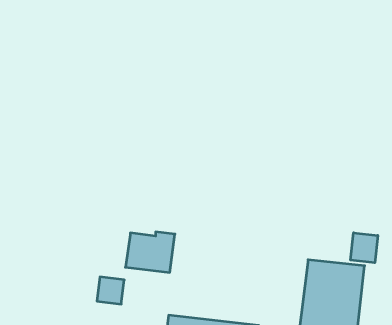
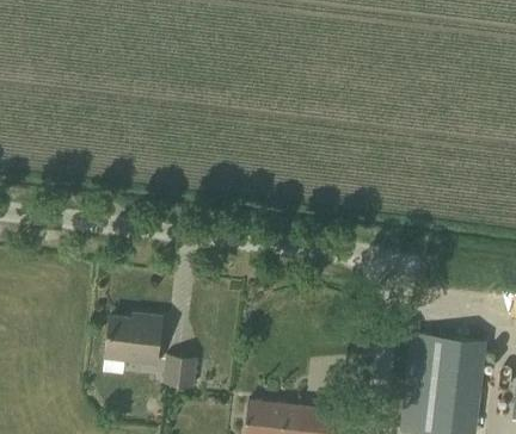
building: [125,232,175,272] -> [105,316,164,364]
building: [351,233,378,263] -> none

